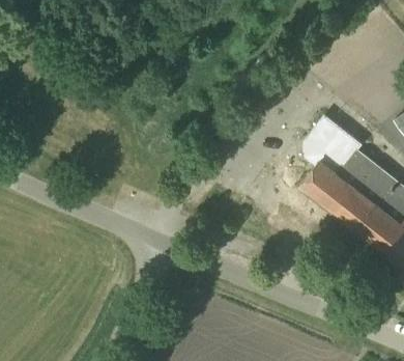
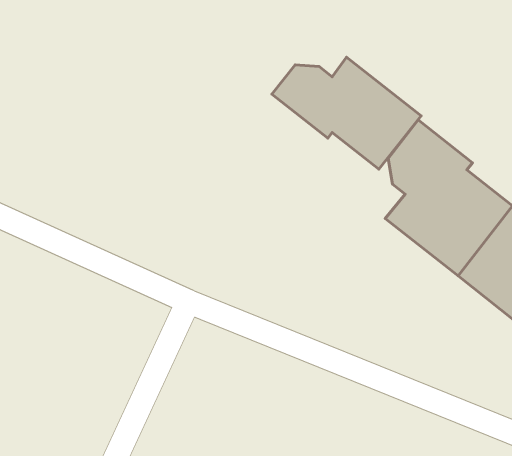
building: none -> [272,57,421,169]

